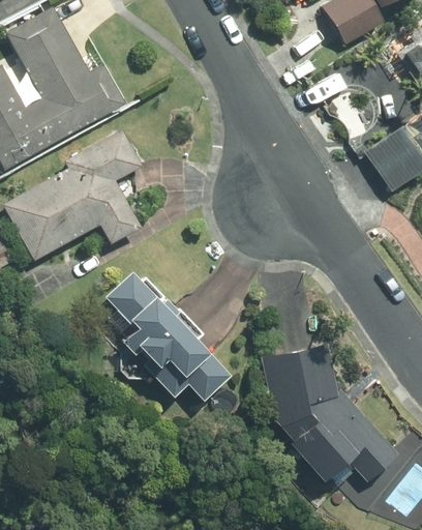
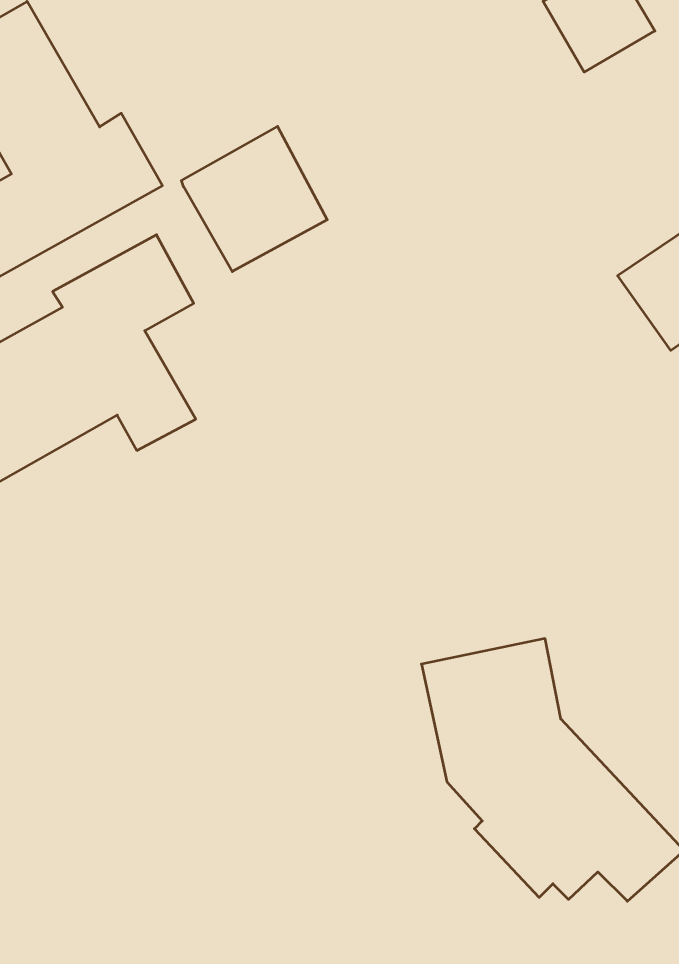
building: none -> [181,126,327,272]
building: [108,272,231,402] -> none

